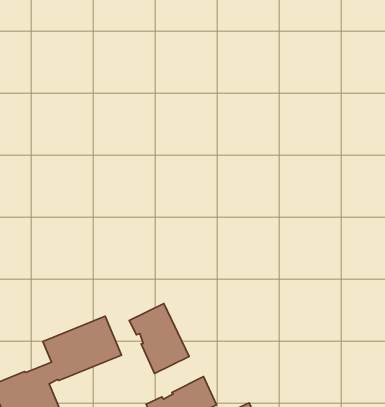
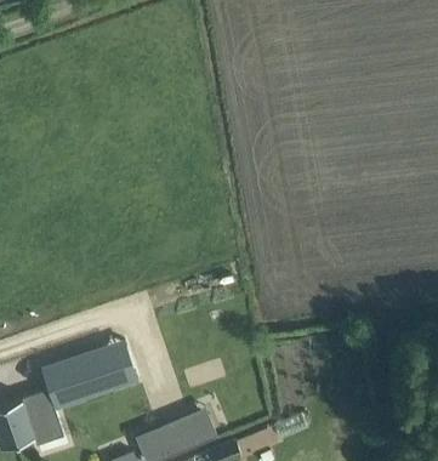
building: [129,304,189,374] -> none

